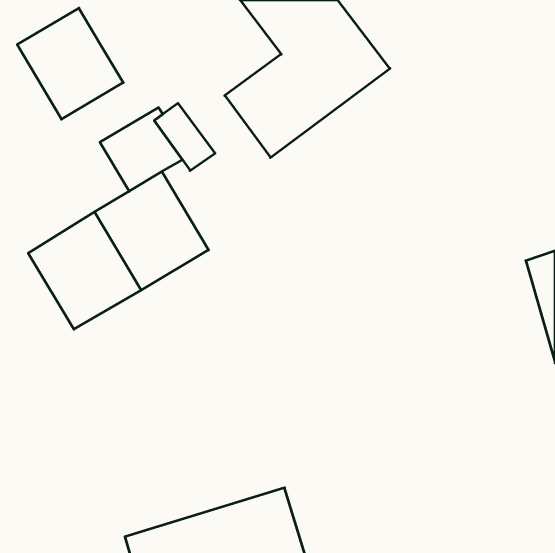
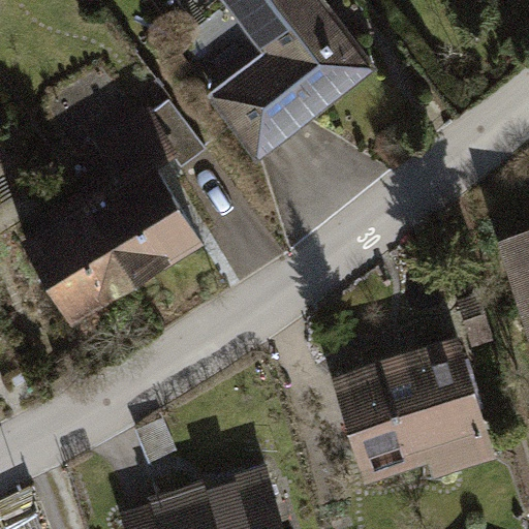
building: [17,8,123,119] -> none
building: none -> [332,345,503,497]

